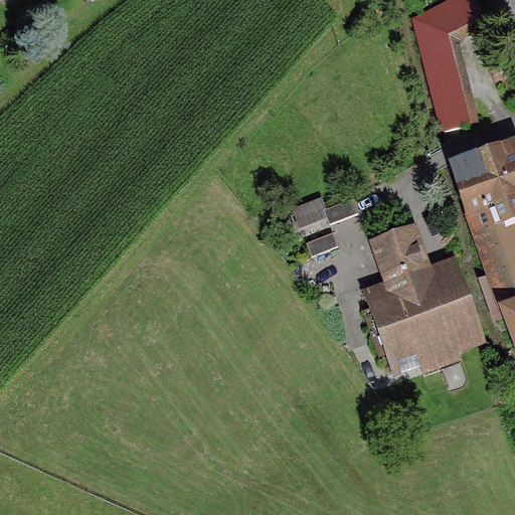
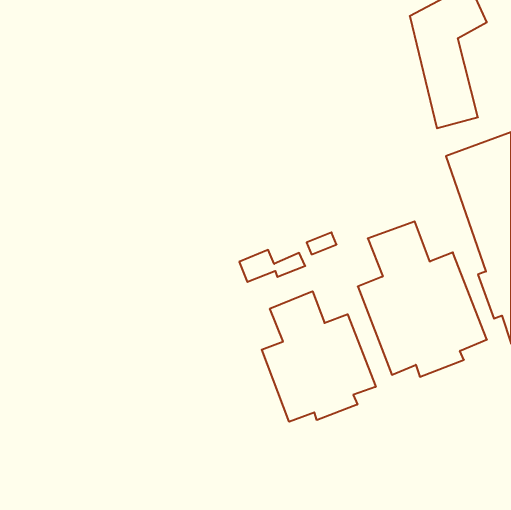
building: [292,196,358,228] -> [239,250,305,282]
building: none -> [262,291,376,422]

